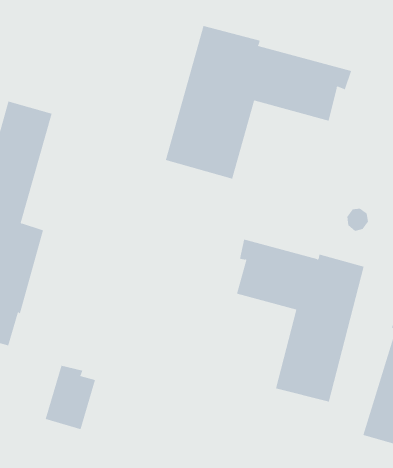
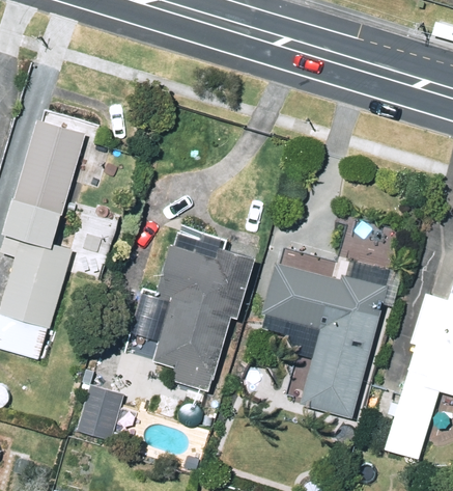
building: [165,25,352,179] -> none
building: none -> [152,242,254,395]

